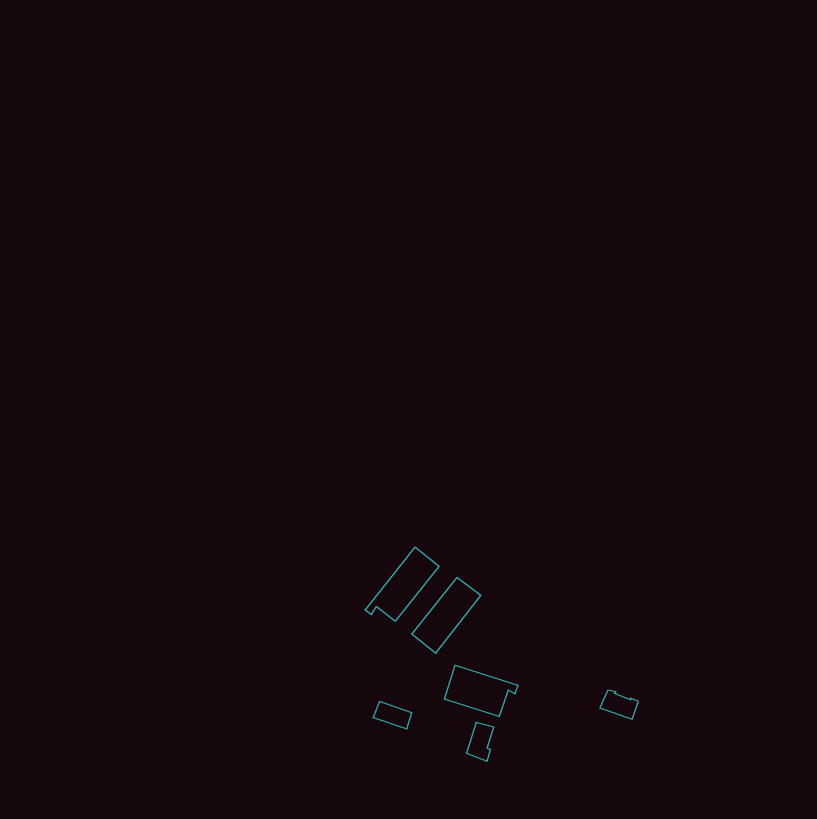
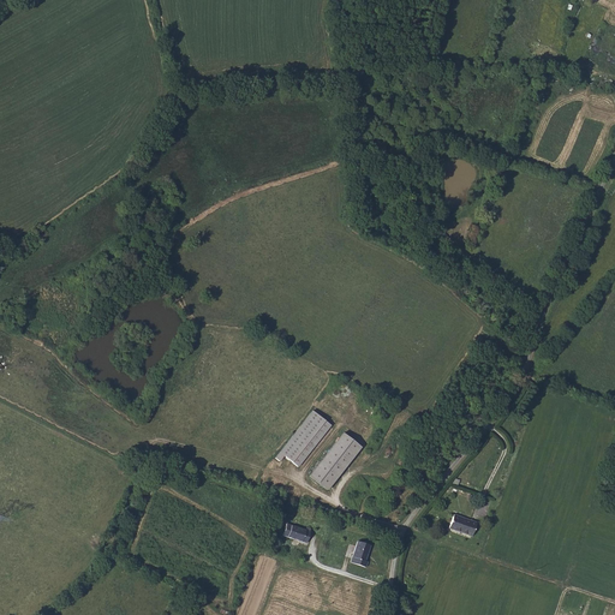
building: [444,665,518,717] -> none

